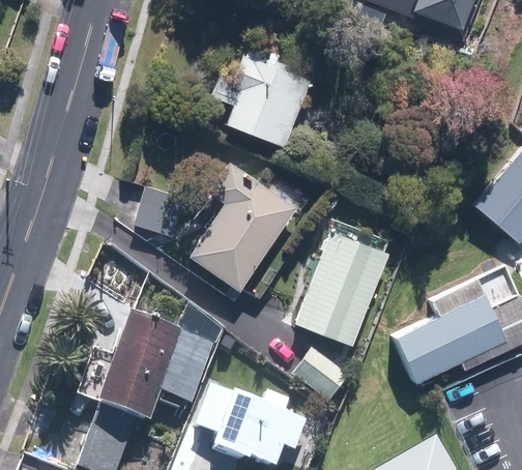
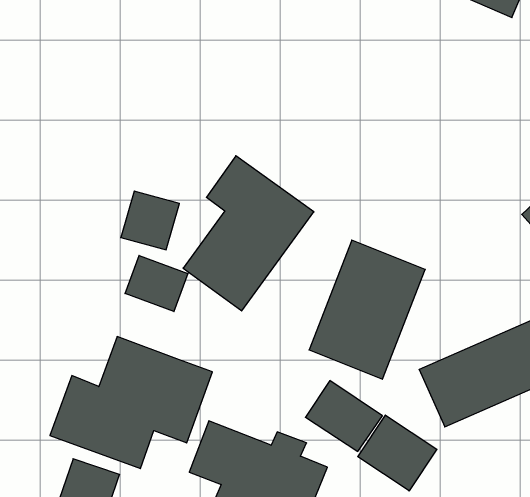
building: [213,35,312,145] -> none
building: none -> [125,255,188,312]
building: none -> [358,415,437,491]

